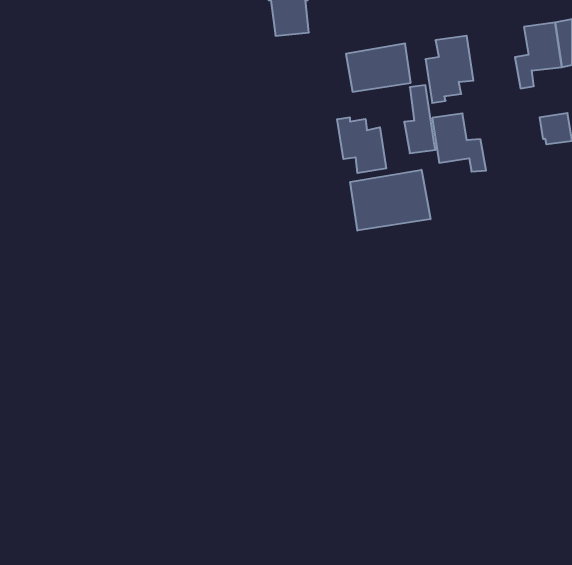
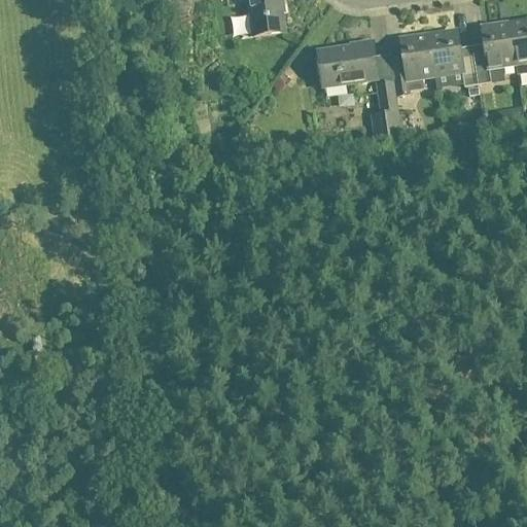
building: [432,113,486,172] -> [429,29,479,82]
building: [337,117,386,173] -> none
building: [350,170,430,231] -> none

